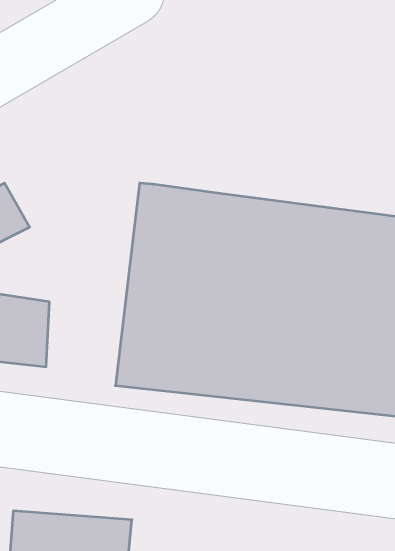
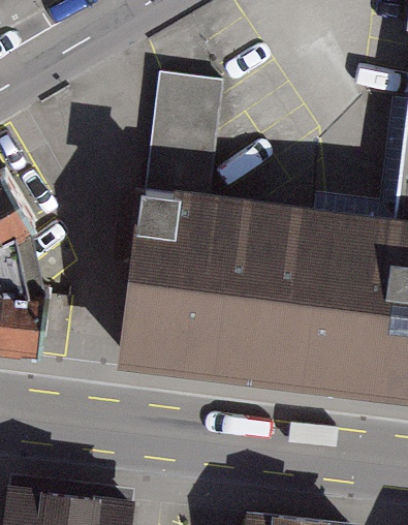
building: none -> [148,75,222,187]

